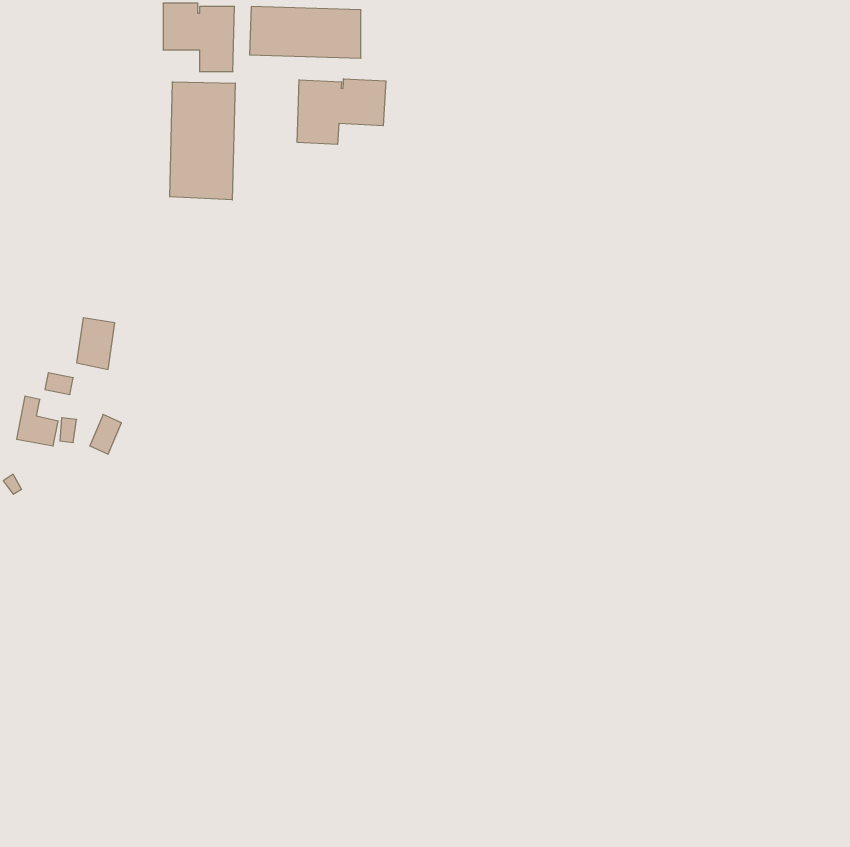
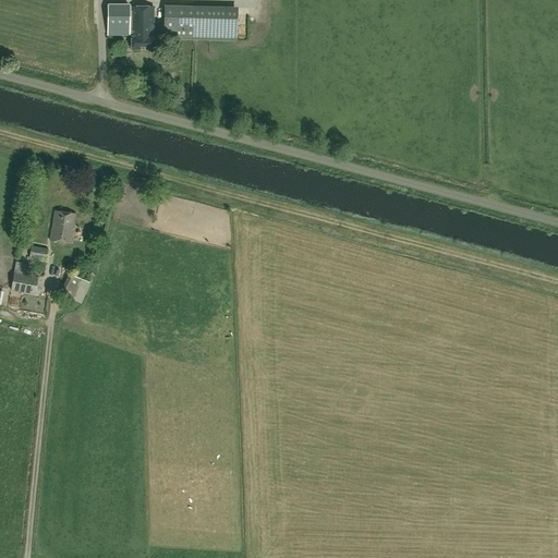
building: [297,79,386,144] -> none
building: [170,82,235,200] -> none

